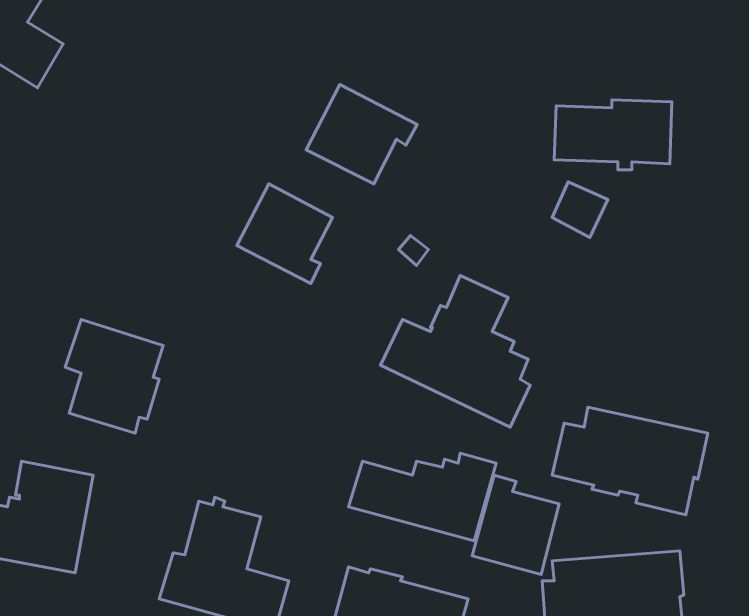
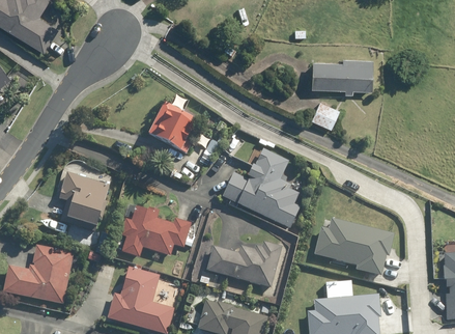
building: [306,84,417,184] -> none
building: none -> [120,206,194,257]
building: [472,475,559,575] -> none

